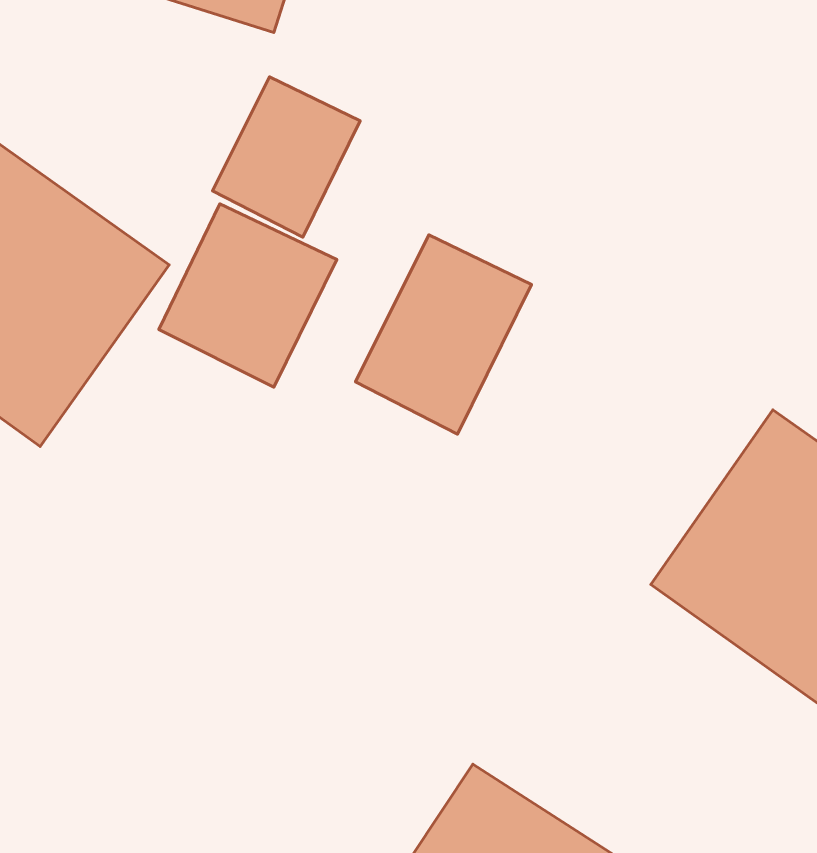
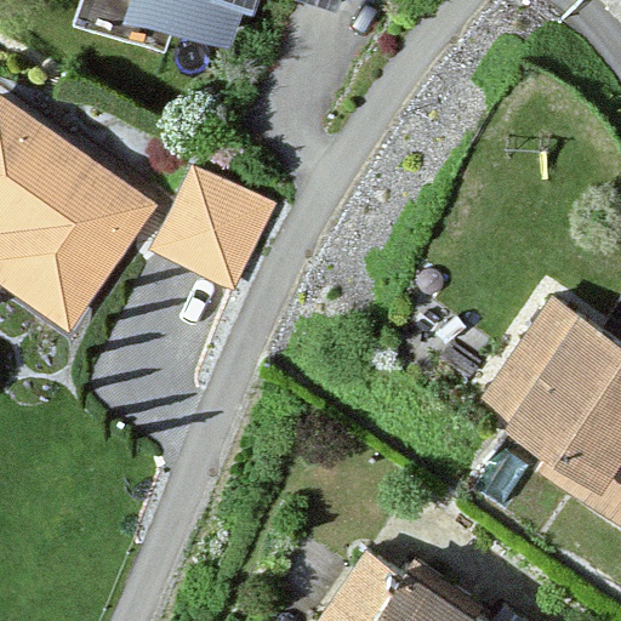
building: [212,77,360,237] -> none
building: [356,235,531,434] -> none

